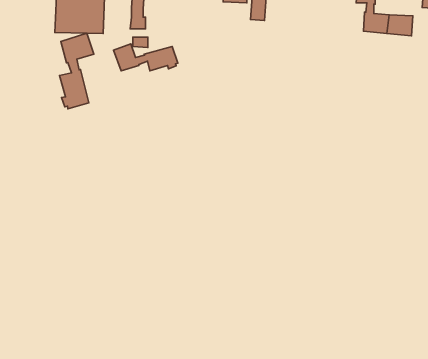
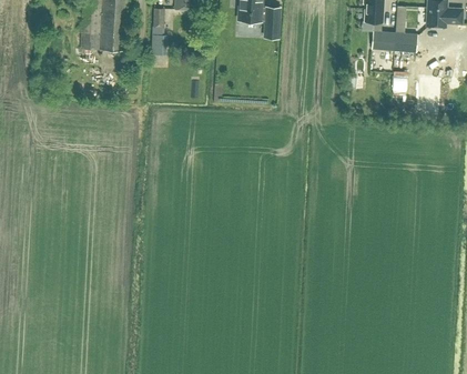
building: [60,33,94,109] -> none
building: [113,44,178,71] -> none

